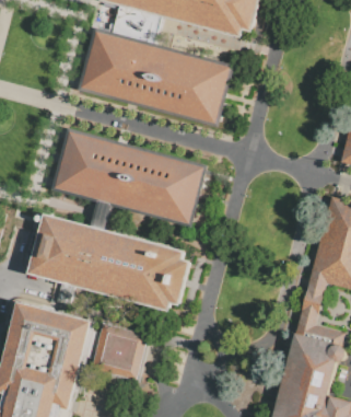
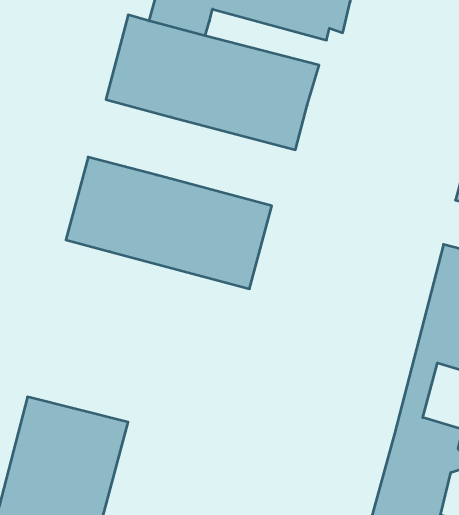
building: [22,212,187,312] -> none
building: [92,327,149,384] -> none

